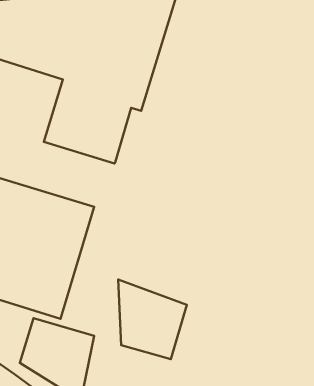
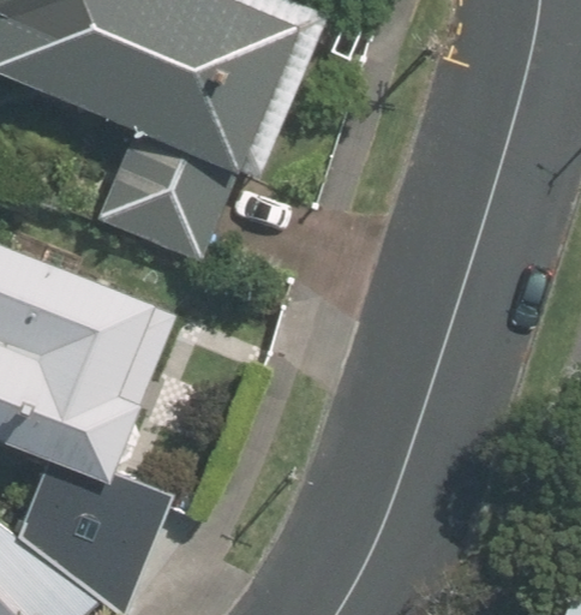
building: [118,279,187,359] -> none

